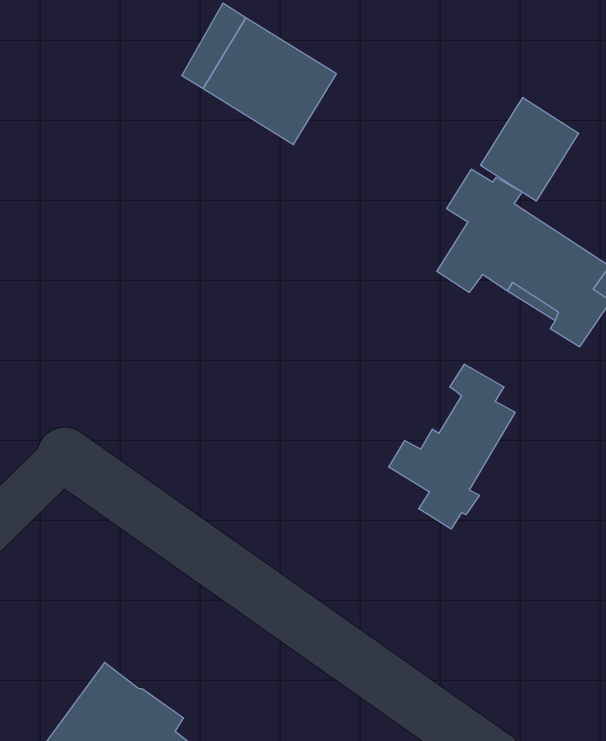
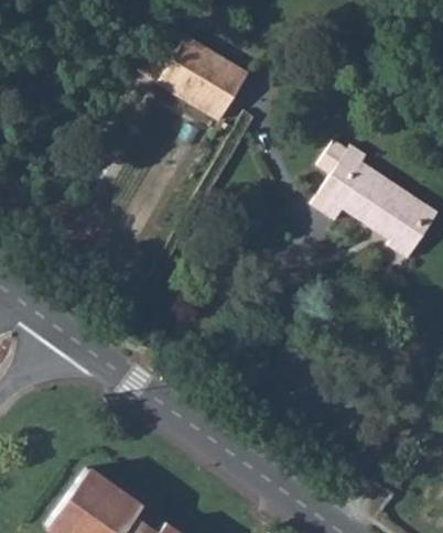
building: [480,97,579,201] -> none
building: [389,364,515,529] -> none

